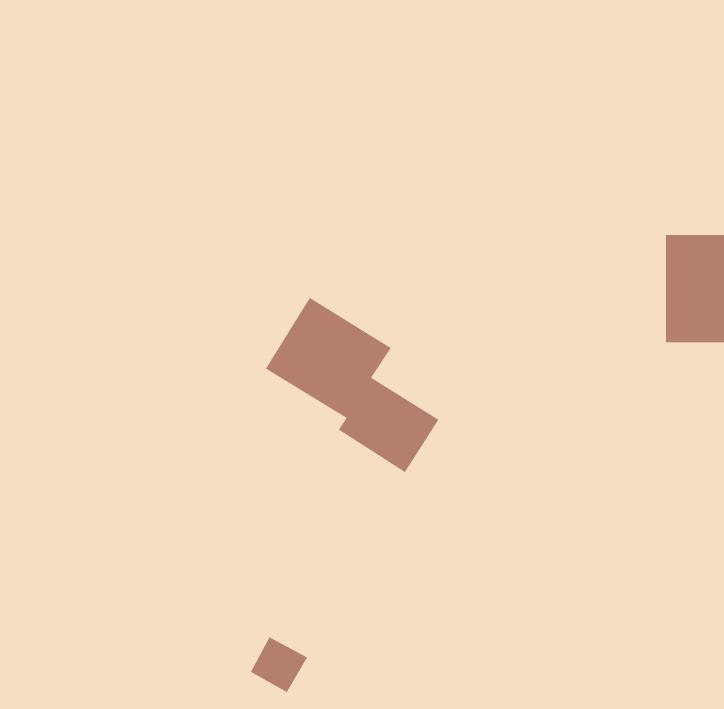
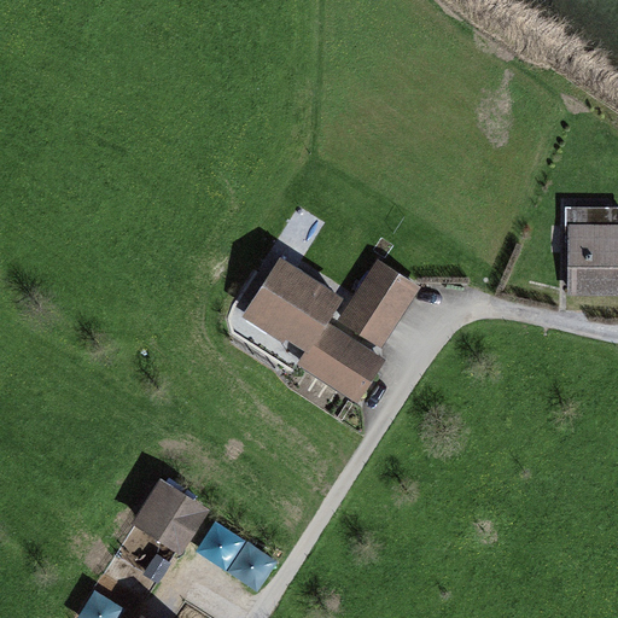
building: none -> [340,260,419,345]
building: none -> [134,482,210,558]

